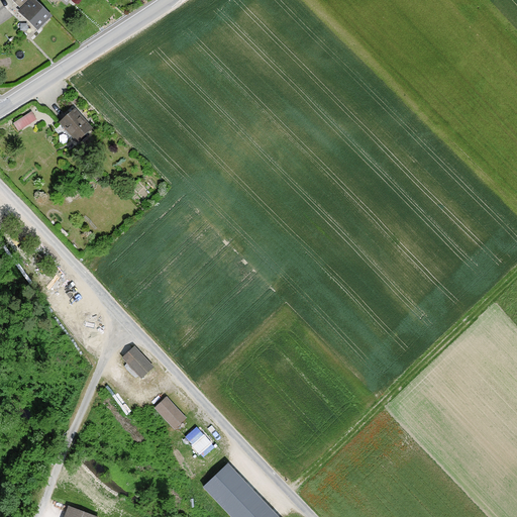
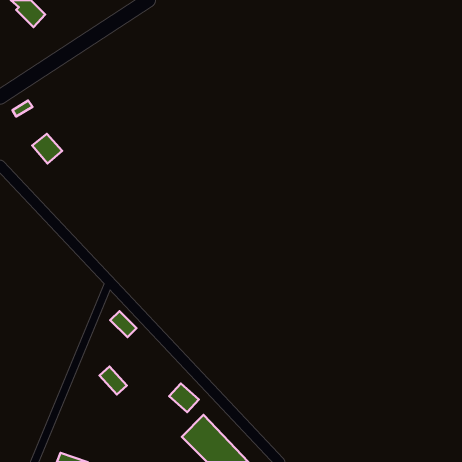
building: [59,109,92,142] -> [32,134,62,164]
building: [156,397,186,428] -> [100,367,127,395]

